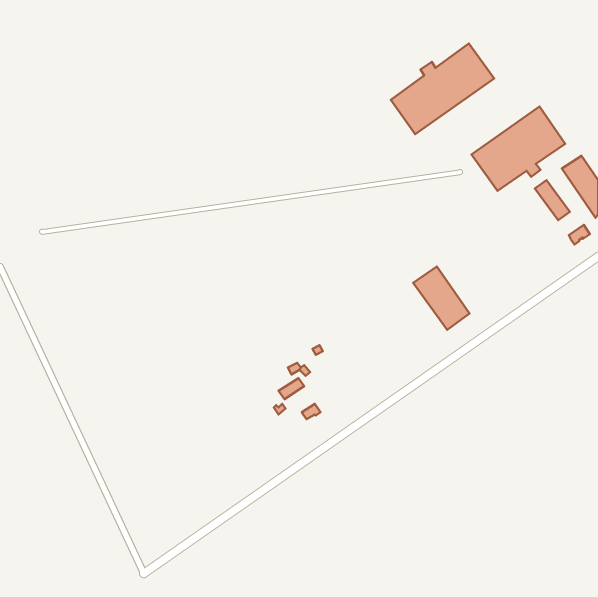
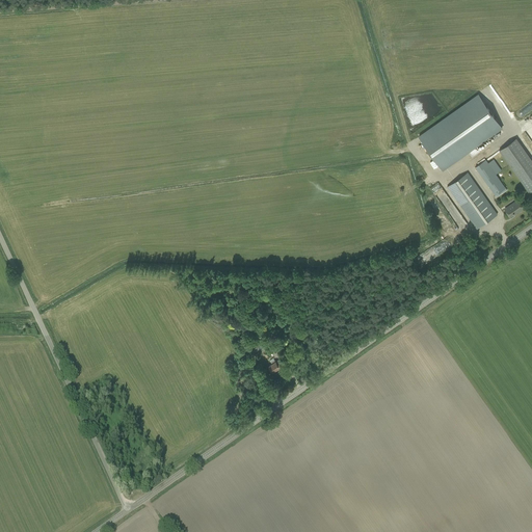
building: [391,44,494,134] -> none
building: [413,267,469,330] -> [447,174,497,230]

